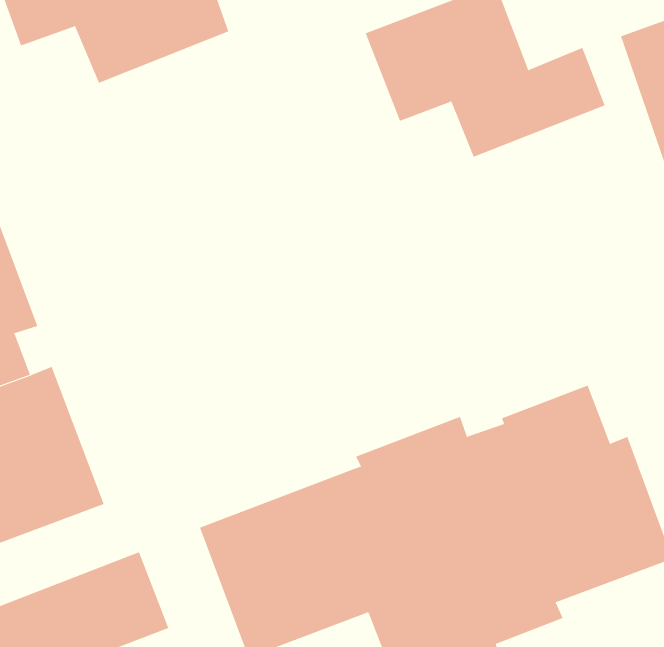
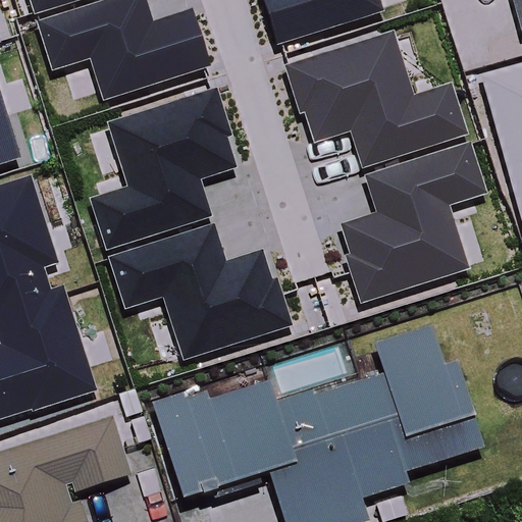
building: none -> [94,94,230,243]
building: none -> [344,147,479,292]
building: none -> [110,226,281,353]

